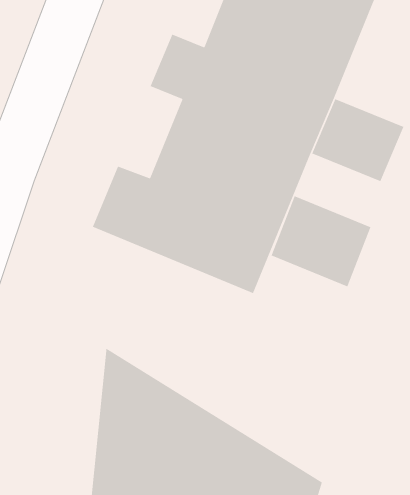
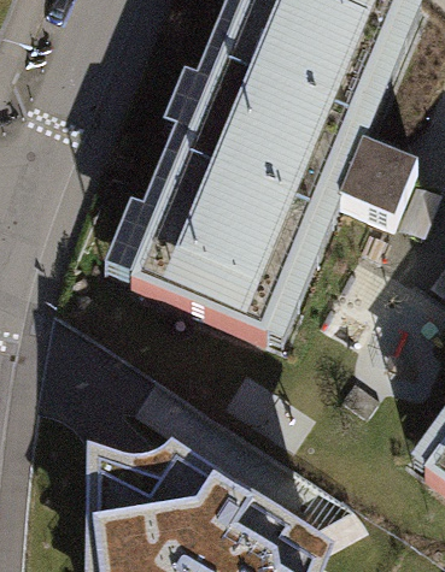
building: [271,195,371,287] -> none

